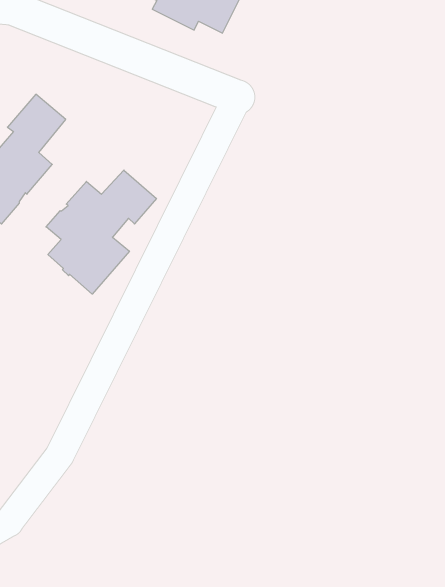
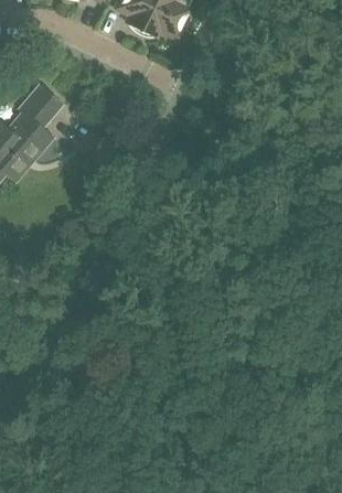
building: [46,170,156,294] -> none

